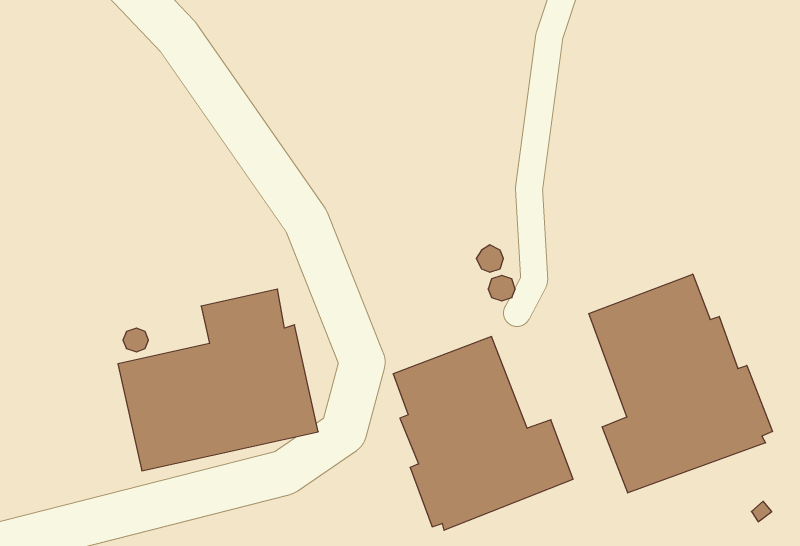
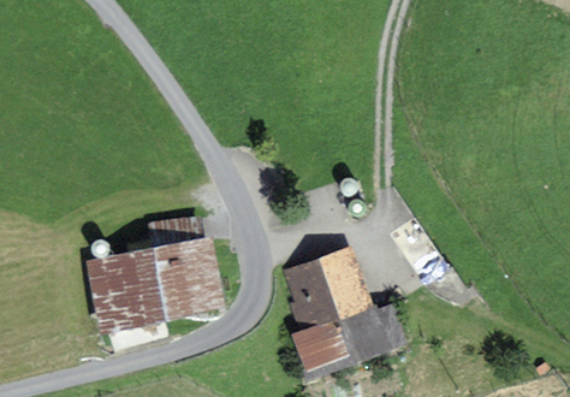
building: [589,274,772,493] -> none

